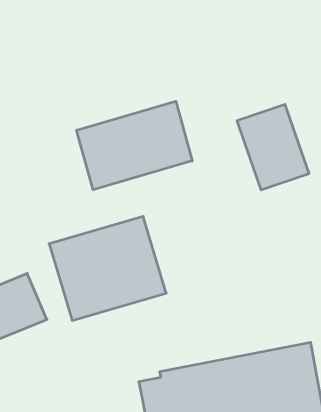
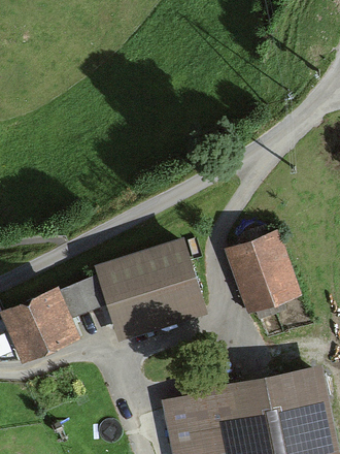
building: [77,101,192,190] -> none
building: [237,104,309,190] -> [223,231,291,312]

